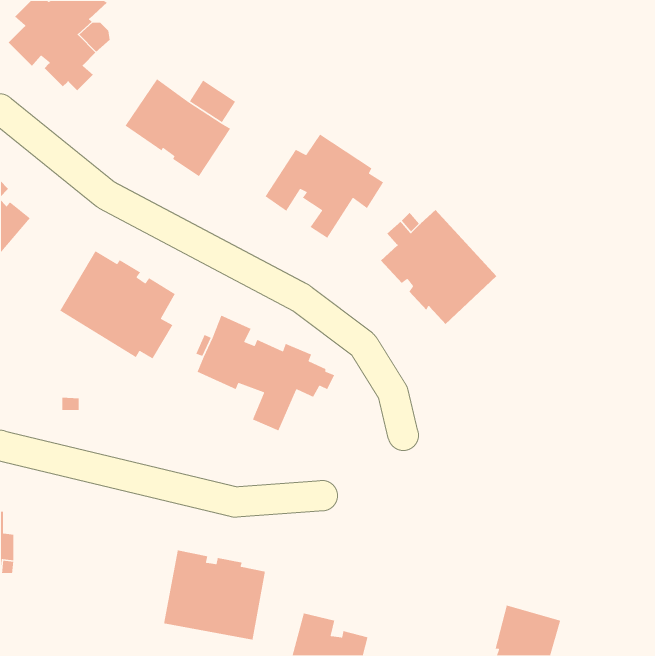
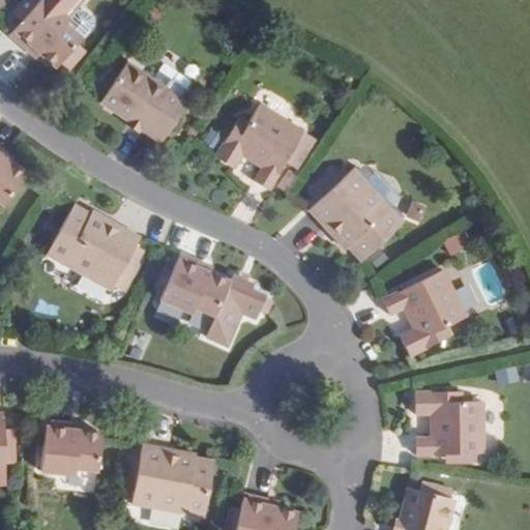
building: none -> [381,272,465,357]
building: none -> [414,391,482,454]
building: none -> [47,419,105,472]

